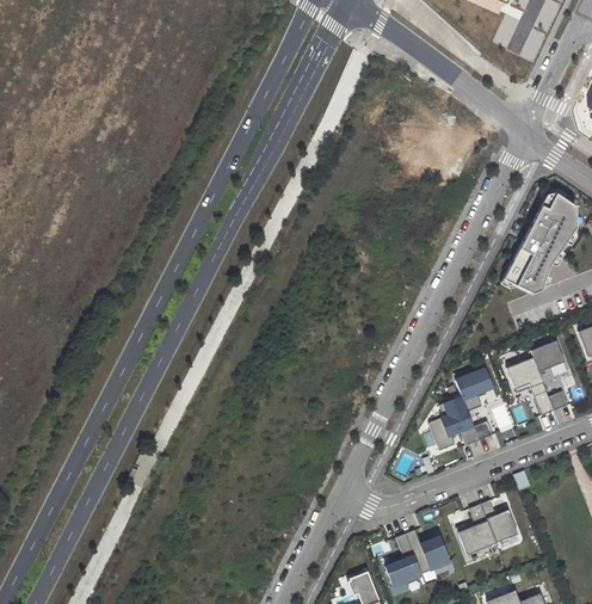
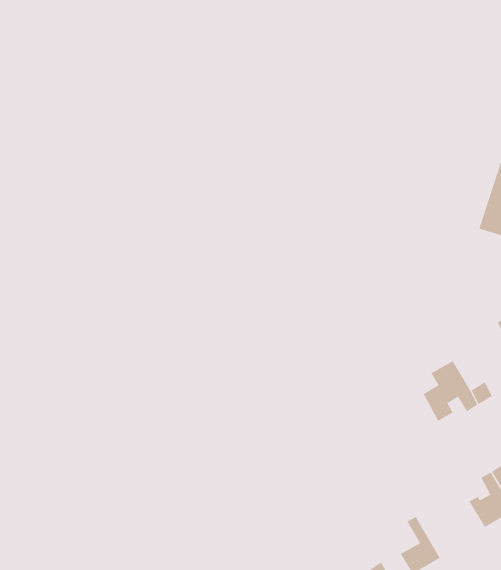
building: [456,369,492,411] -> none
building: [406,529,450,573] -> none

